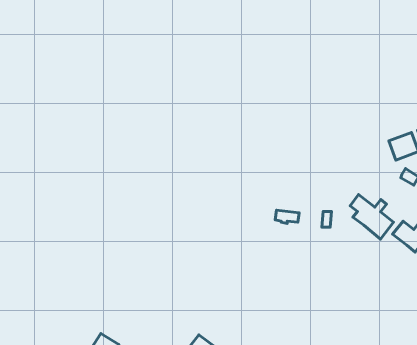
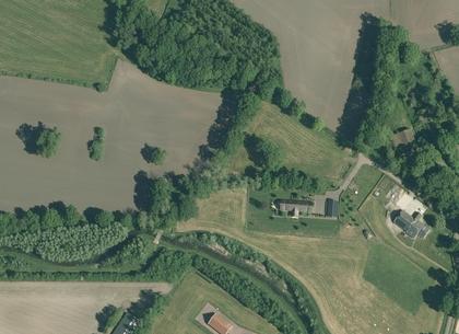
building: [350,195,394,239] -> none

